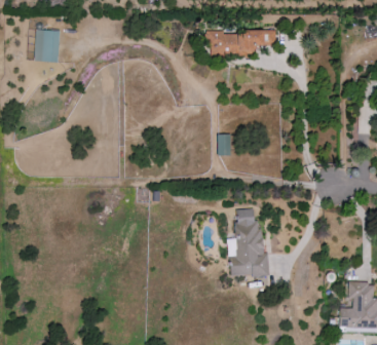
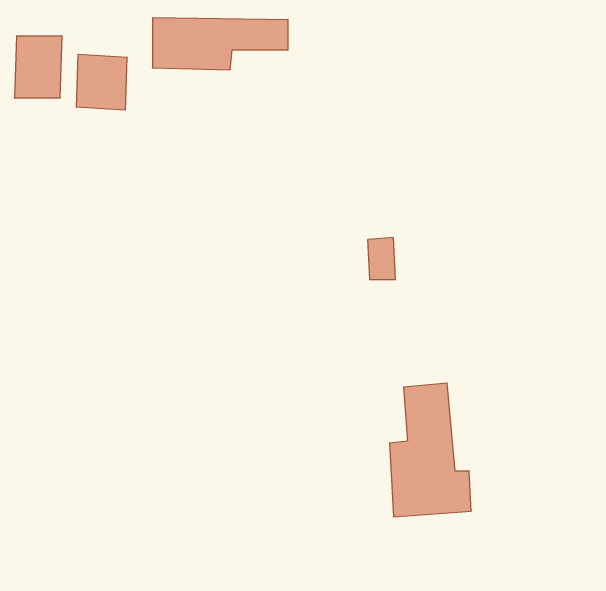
building: [206,30,276,56] -> [152,18,288,70]
building: none -> [76,54,127,110]

